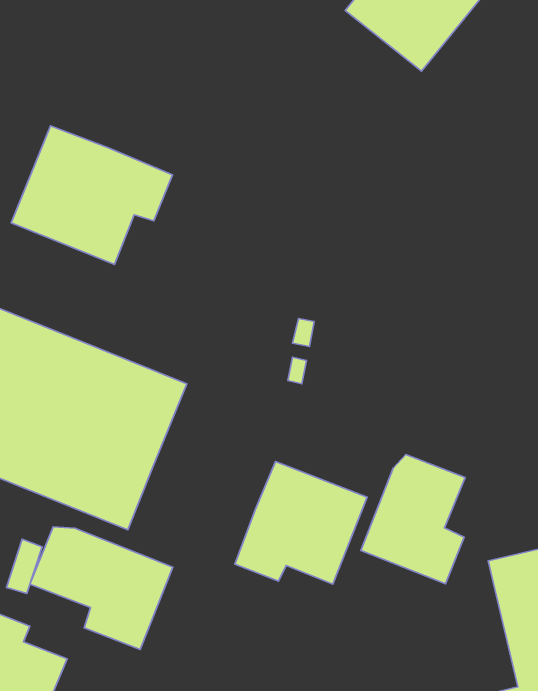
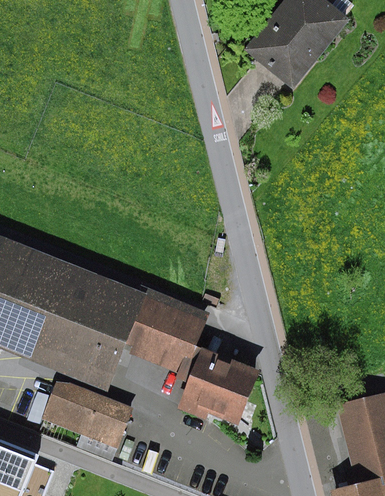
building: [11,126,172,264] -> none
building: none -> [121,282,214,373]
building: [361,455,465,584] -> none

